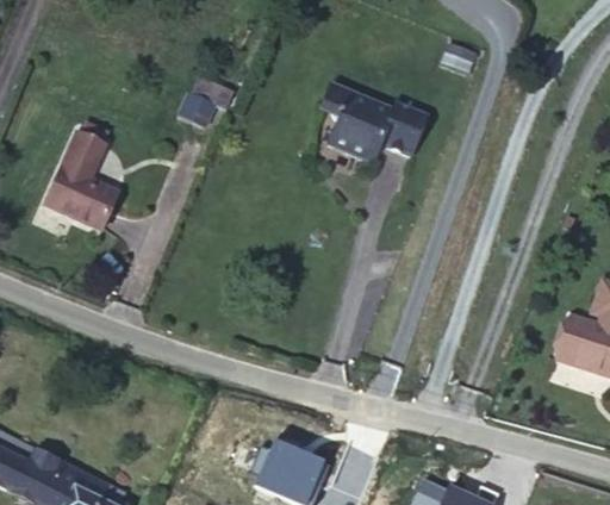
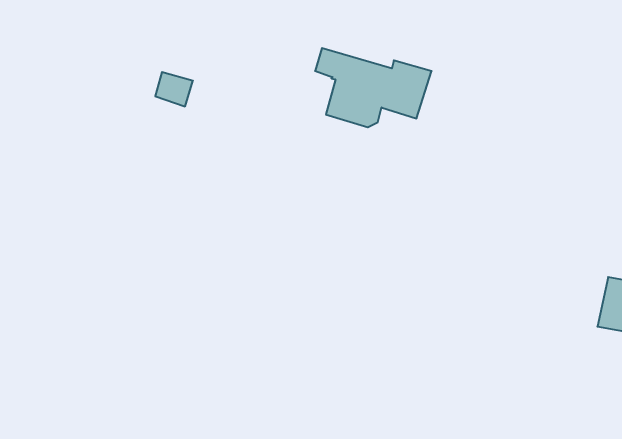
building: [44,135,116,230] -> none

